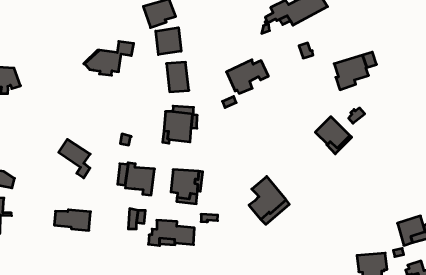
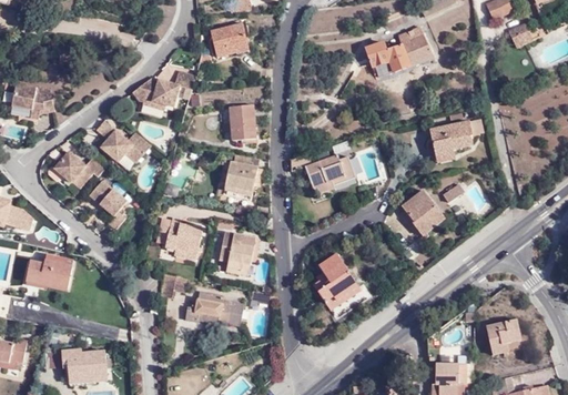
building: [156,28,181,55] -> none
building: [226,60,268,93] -> [304,155,354,194]
building: none -> [95,121,150,163]
building: none -> [53,152,104,189]
building: [54,210,91,230] -> [23,261,69,288]

